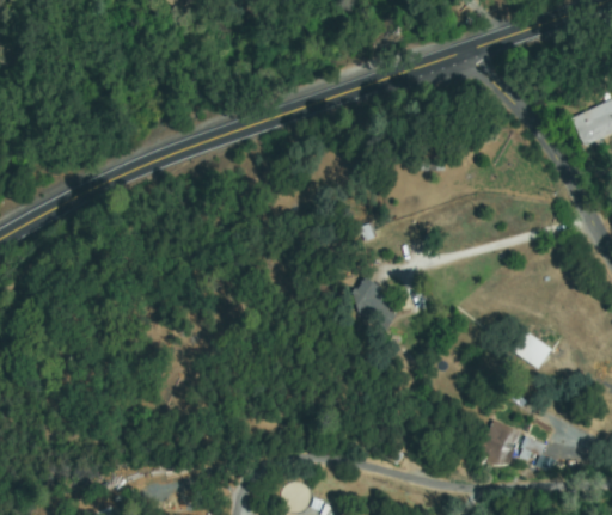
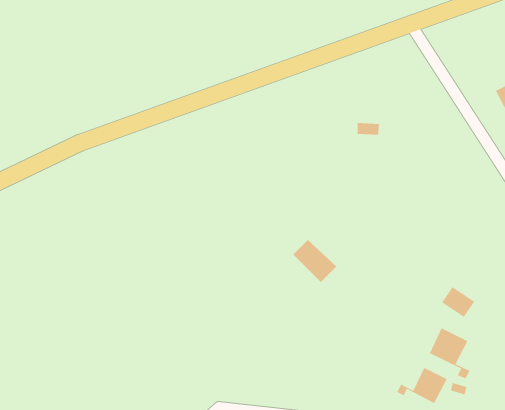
building: none -> [429,327,470,379]

